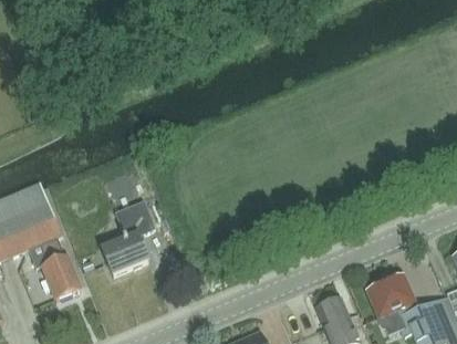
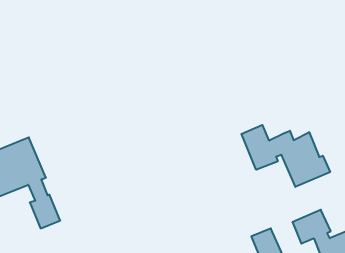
building: none -> [241,125,330,187]
building: [102,199,155,274] -> none

